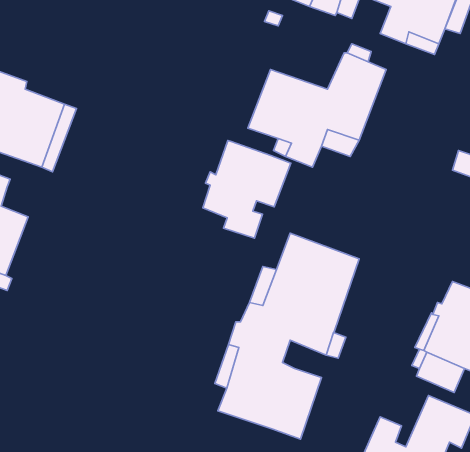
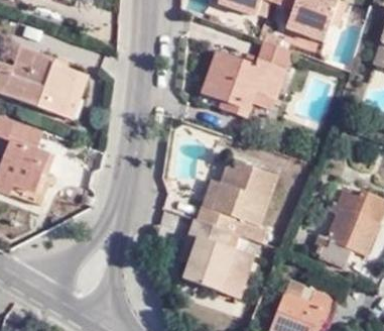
building: [203,141,291,238] -> none

